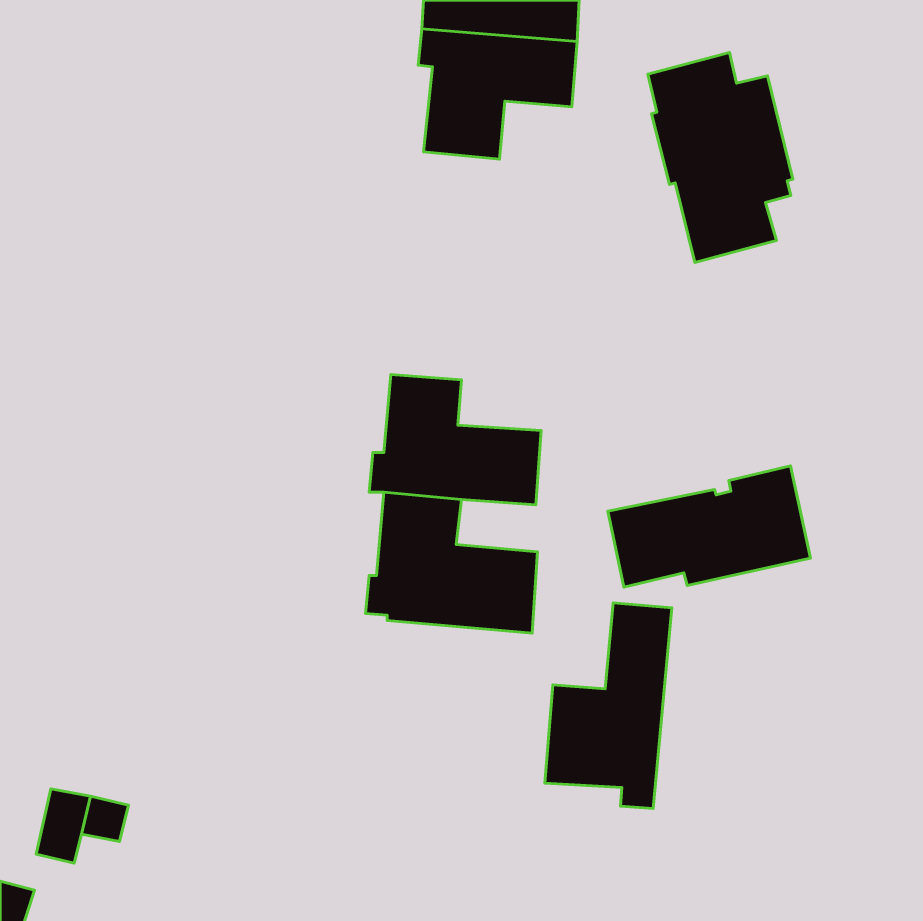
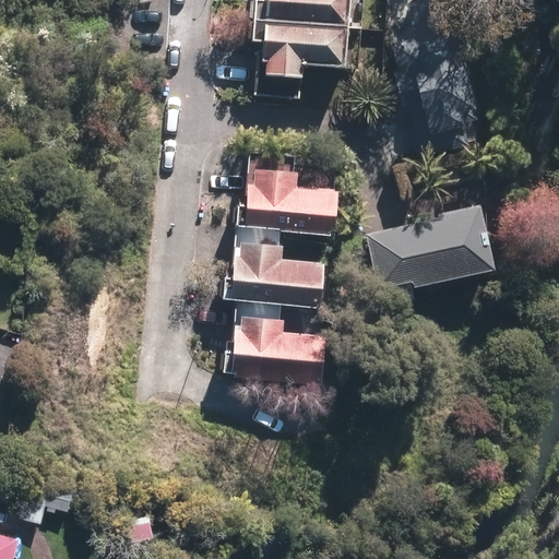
building: none -> [237,153,342,235]
building: [608,466,810,587] -> [370,209,492,282]
building: [545,603,672,808] -> none

